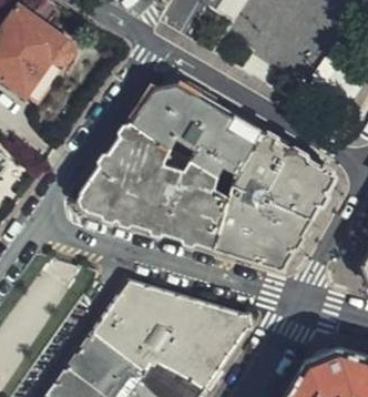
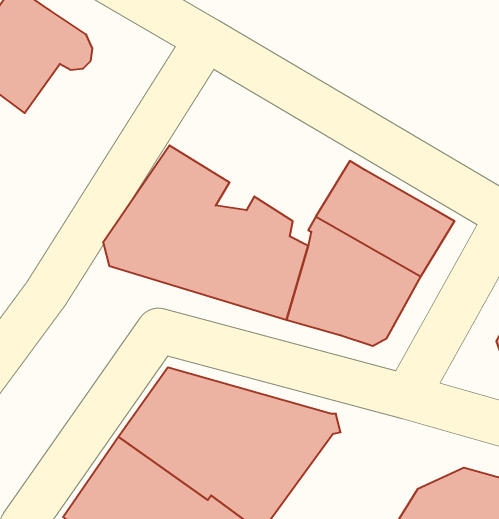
building: [129,85,258,183] -> none

